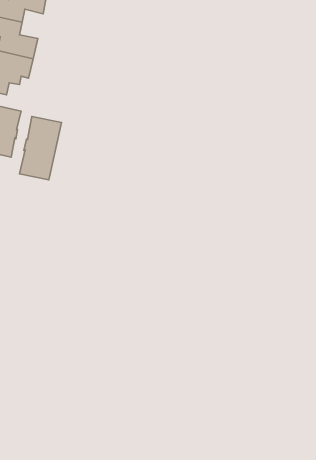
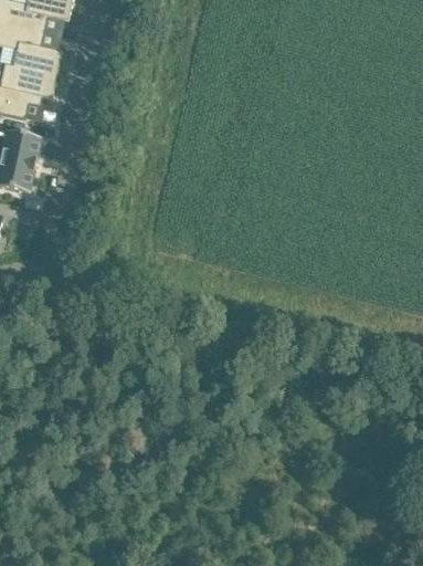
building: [19,116,61,180] -> none

